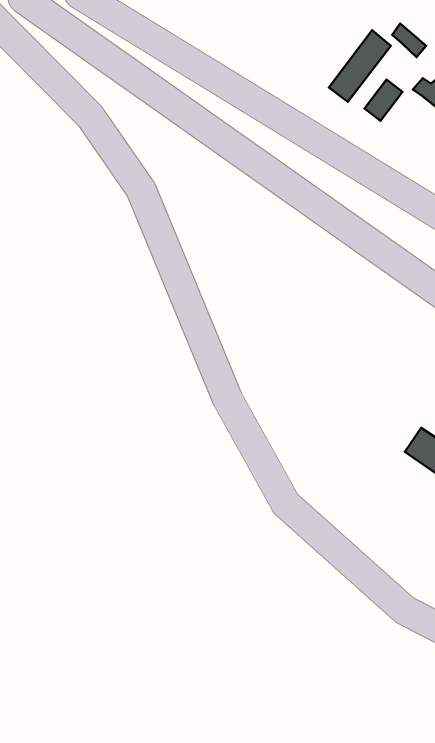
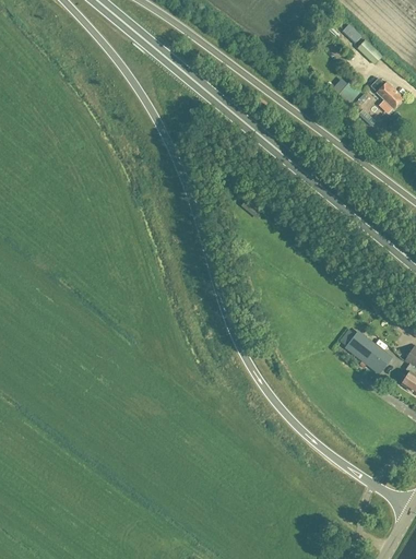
building: [329,30,391,102] -> none

